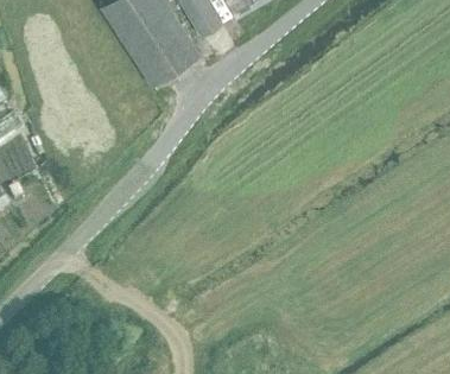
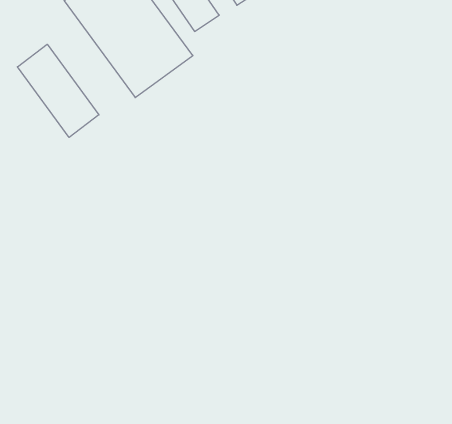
building: none -> [17,44,99,137]

